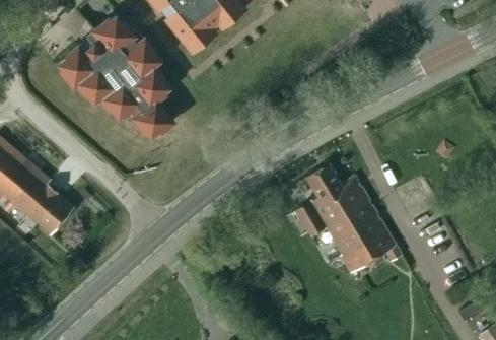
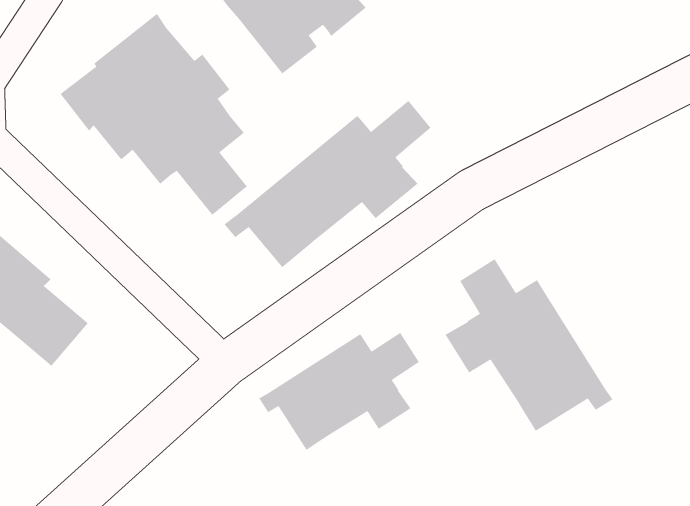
building: none -> [224,100,432,268]
building: none -> [258,332,420,451]

